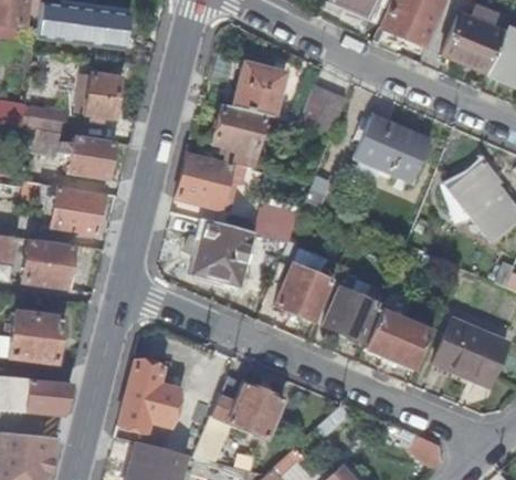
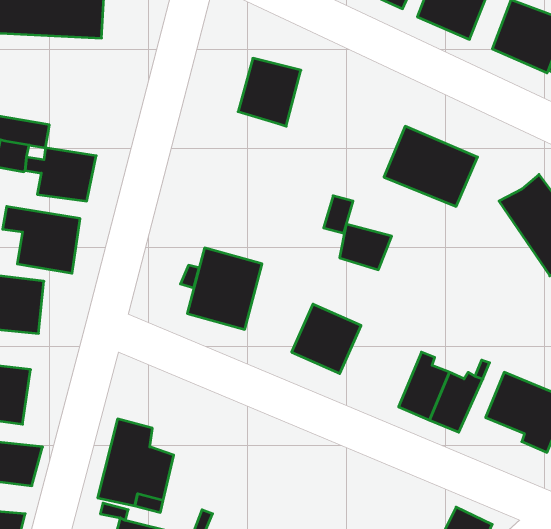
building: [85,74,123,119] -> none
building: [298,86,347,134] -> none
building: [213,103,266,157] -> none
building: [177,150,232,207] -> none
building: [257,204,301,241] -> [340,224,392,270]
building: [325,286,380,343] -> none
building: [211,375,284,439] -> none

